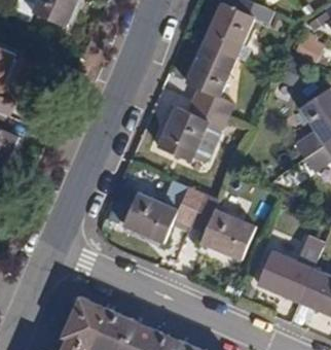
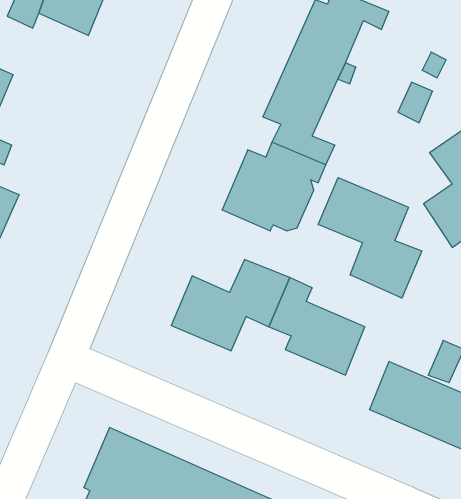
building: none -> [318,178,422,298]

